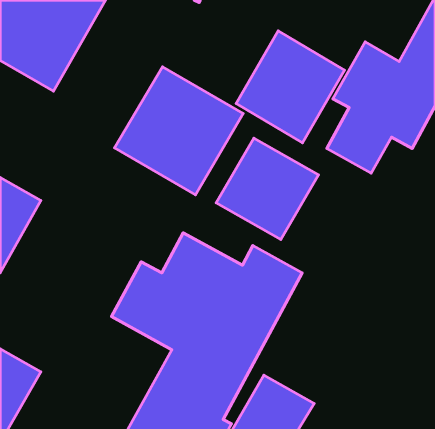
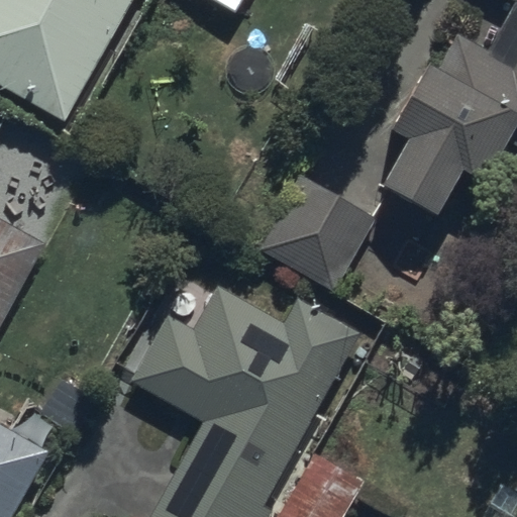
building: [236,31,345,143] -> none
building: [115,67,243,195] -> none

